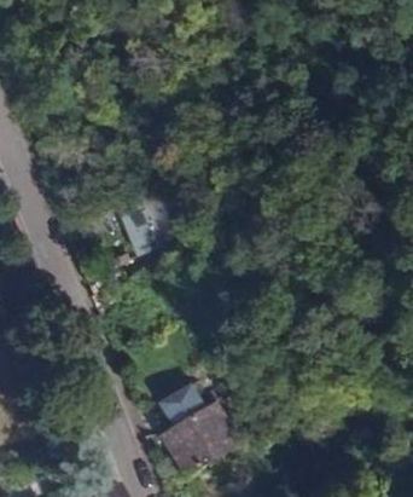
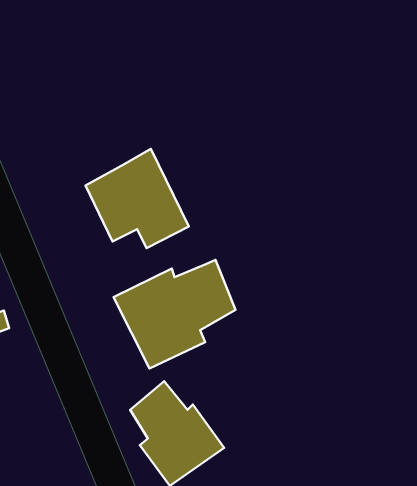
building: none -> [113,260,236,369]

